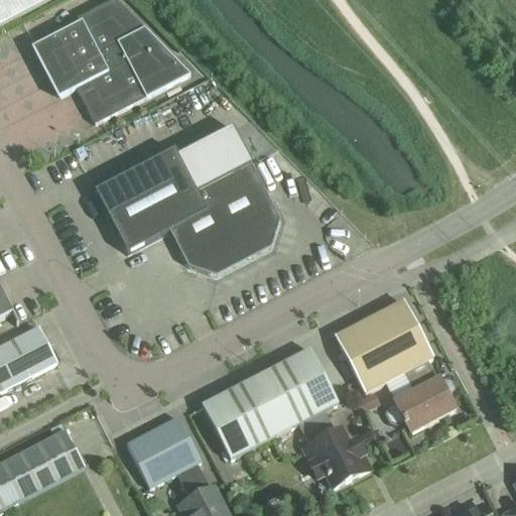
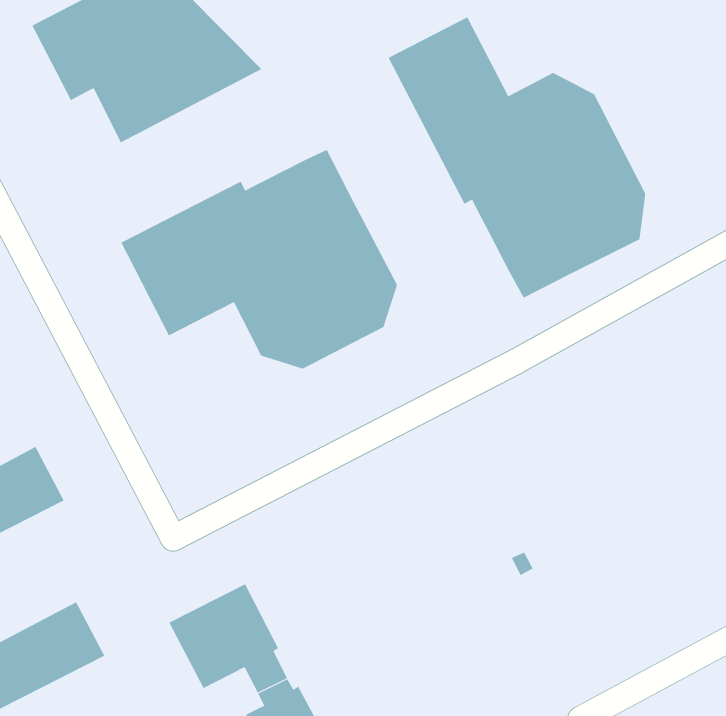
building: none -> [388,17,646,299]
building: [335,298,456,430] -> none
building: [202,348,374,490] -> none

